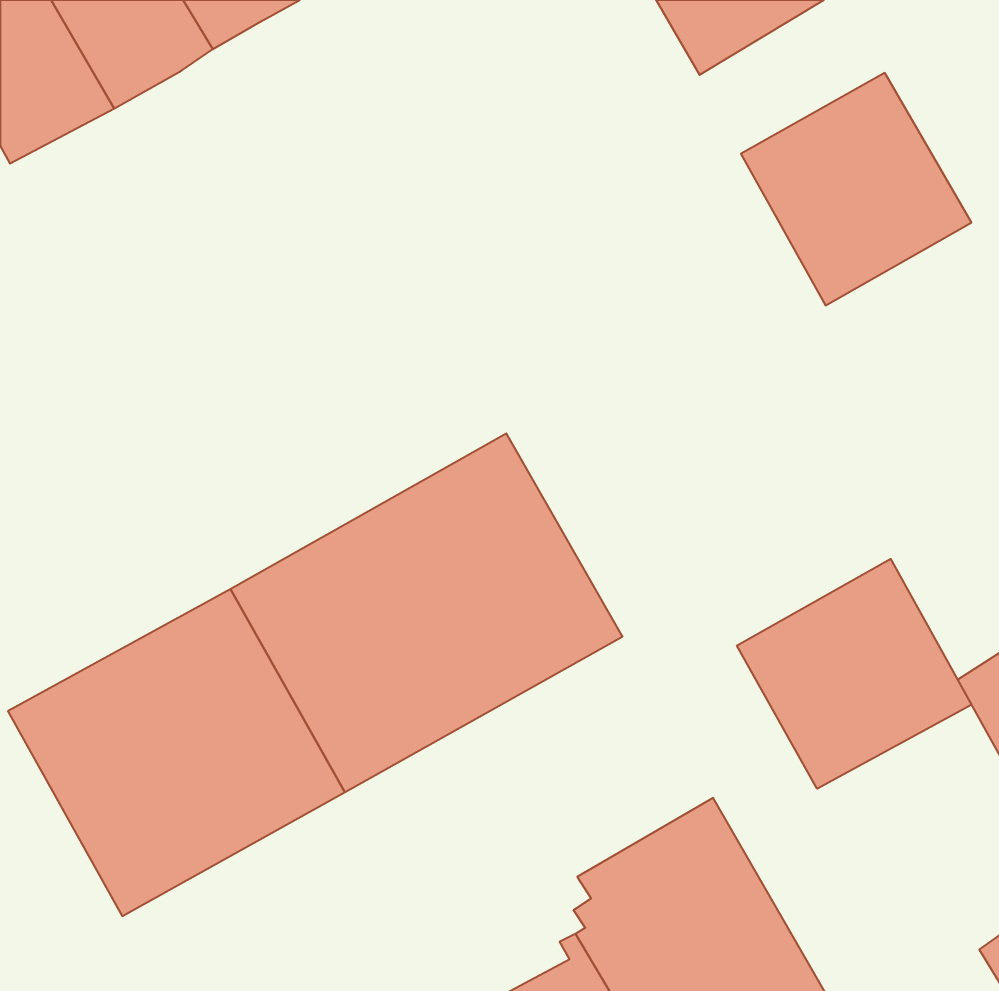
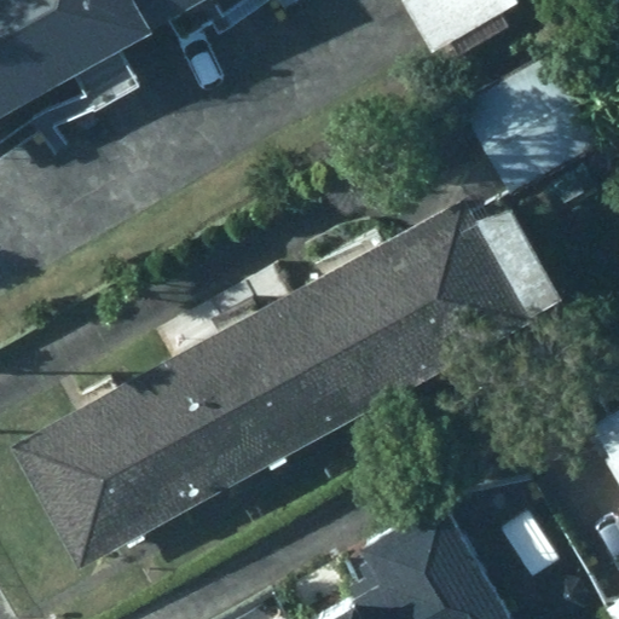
building: none -> [316,196,559,400]
building: [737,559,972,789] -> none

